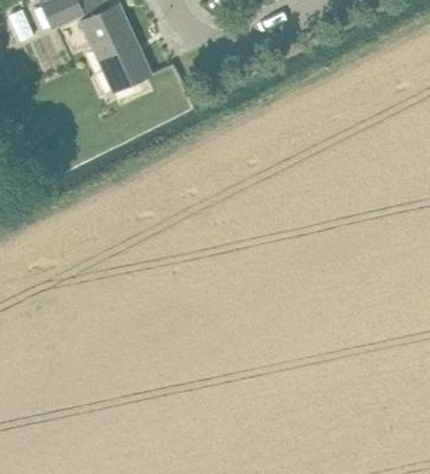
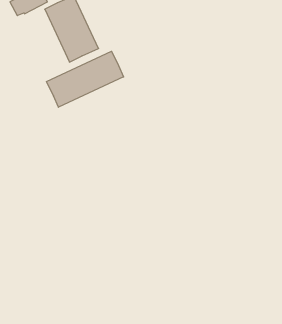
building: none -> [46,51,124,107]

